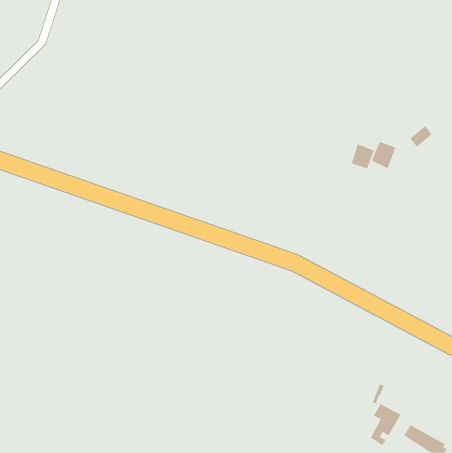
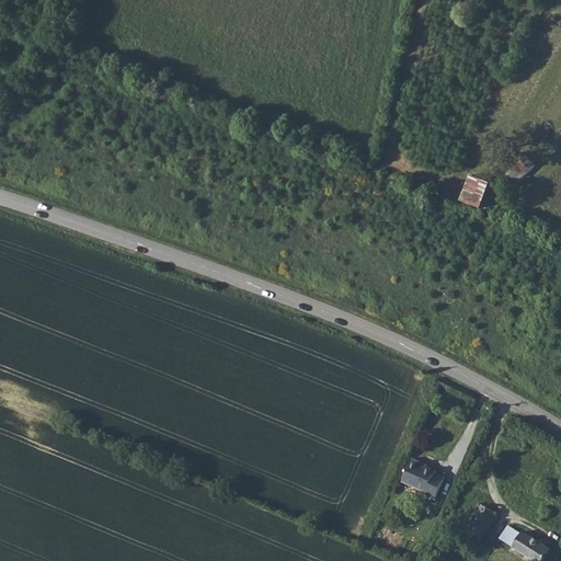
building: [351,144,375,169] -> none
building: none -> [400,456,444,497]

